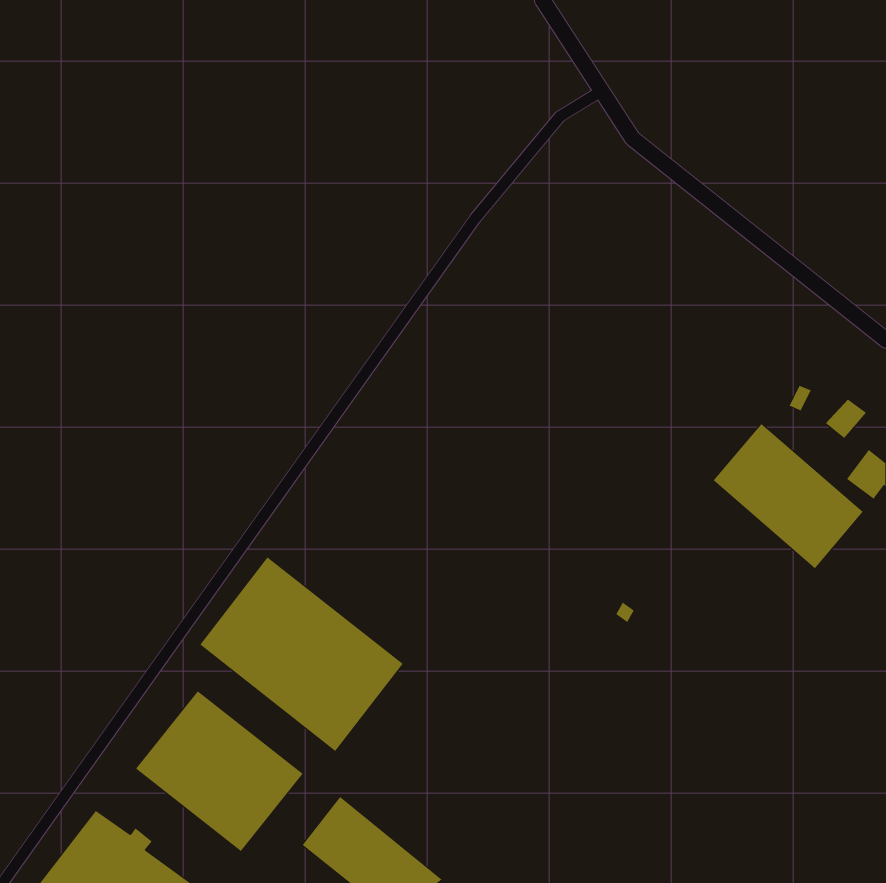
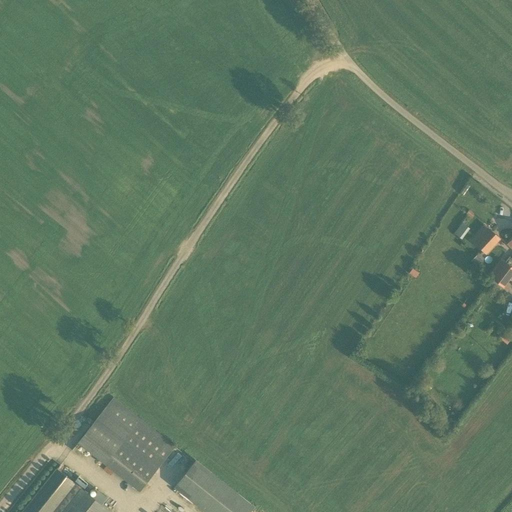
building: [713,423,864,569] -> none
building: [199,556,404,752] -> none

